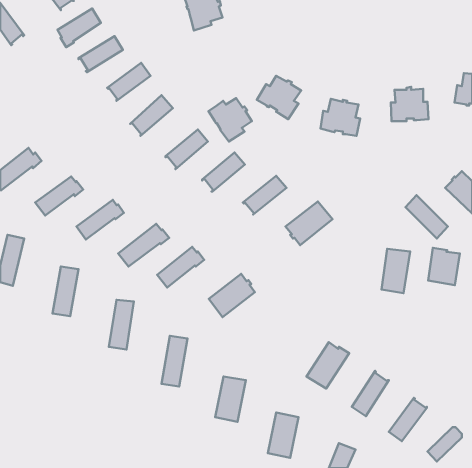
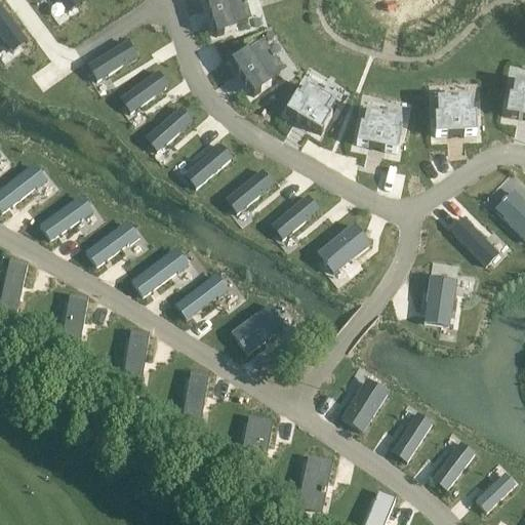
building: [57,9,101,47] -> none
building: [208,98,252,142] -> [231,45,279,93]
building: [428,248,460,285] -> none

